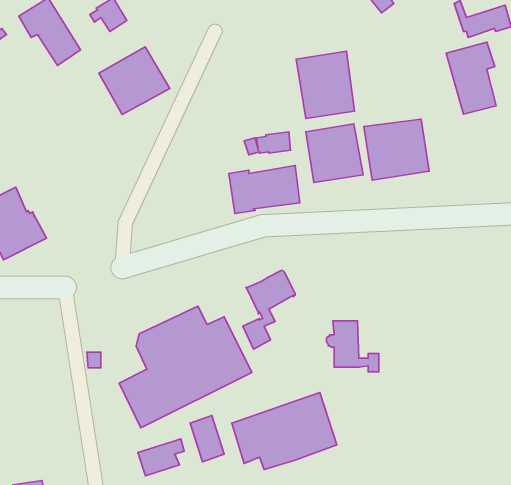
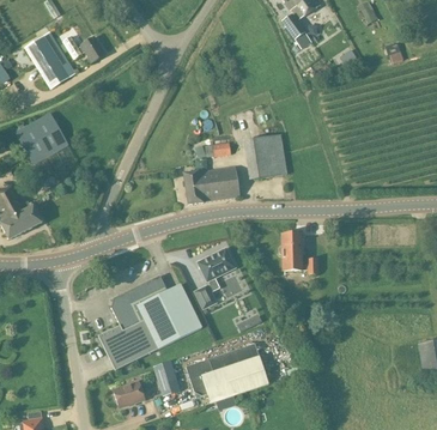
building: [446,42,496,114] -> none
building: [99,47,170,115] -> [16,111,71,164]
building: [296,51,355,119] -> none
building: [364,119,429,180] -> none
building: [326,321,379,372] -> [278,234,318,273]

